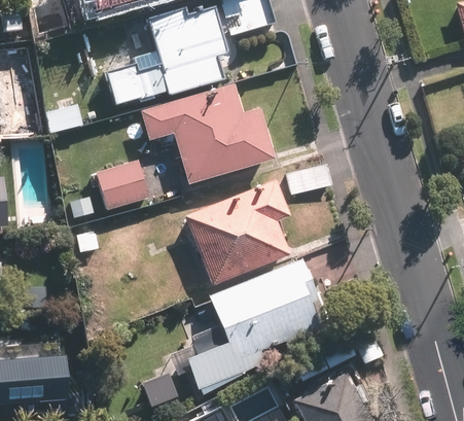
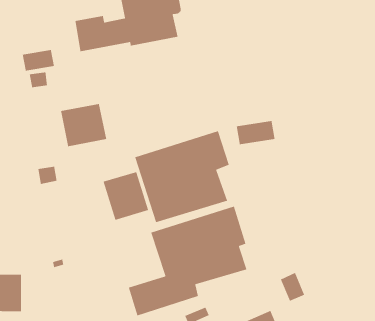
building: [142,84,275,185] -> none
building: none -> [103,171,149,221]

